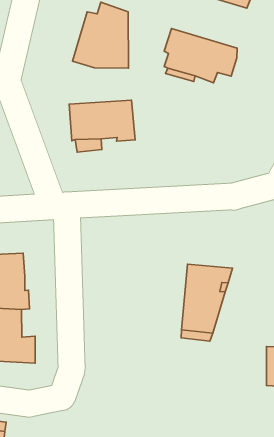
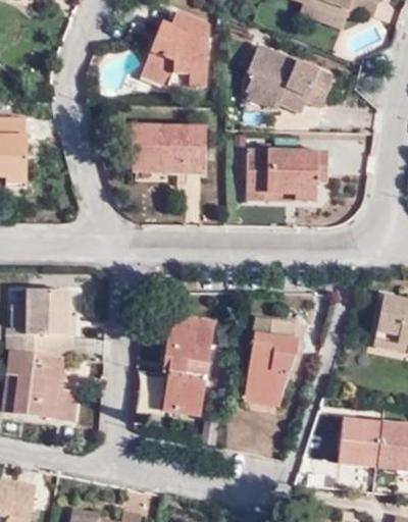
building: none -> [245,150,328,202]
building: none -> [159,318,212,416]

